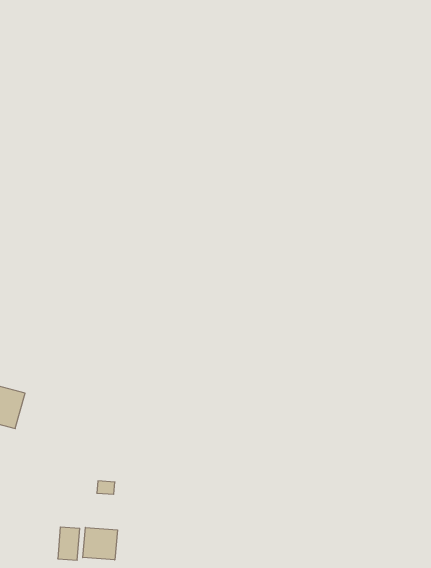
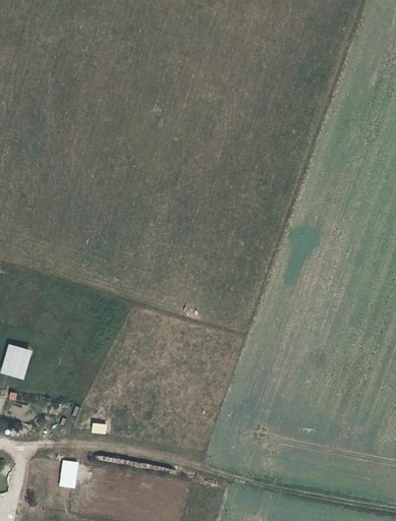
building: [83,527,117,560] -> none

